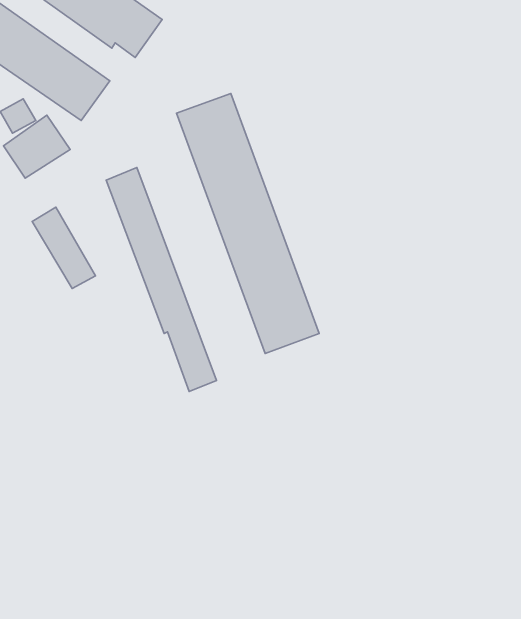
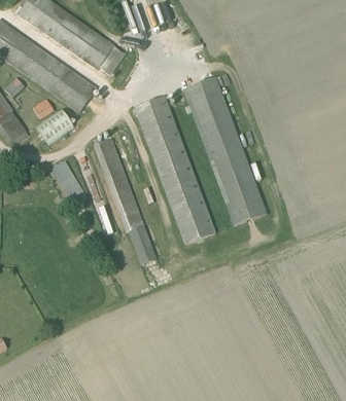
building: none -> [183,76,267,225]

